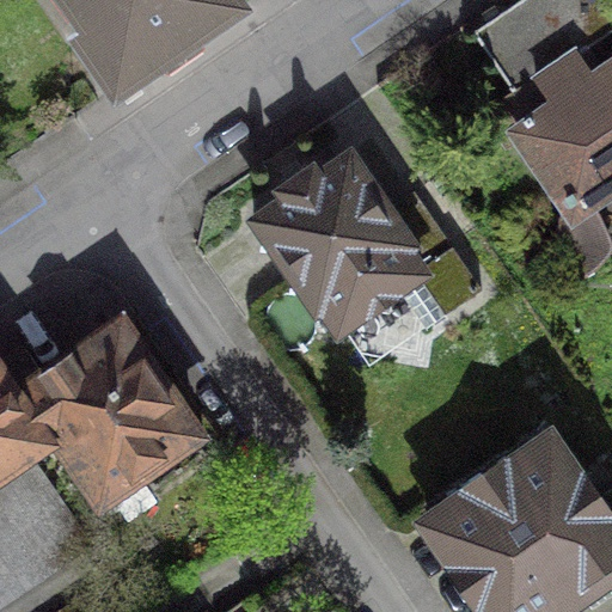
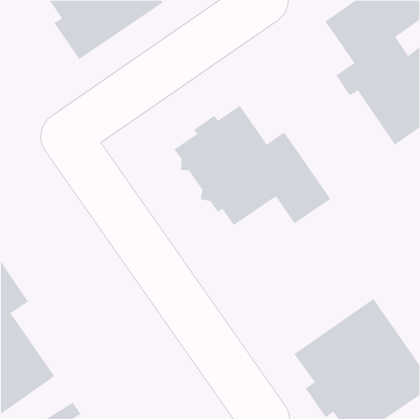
building: [14,328,206,496] -> none

